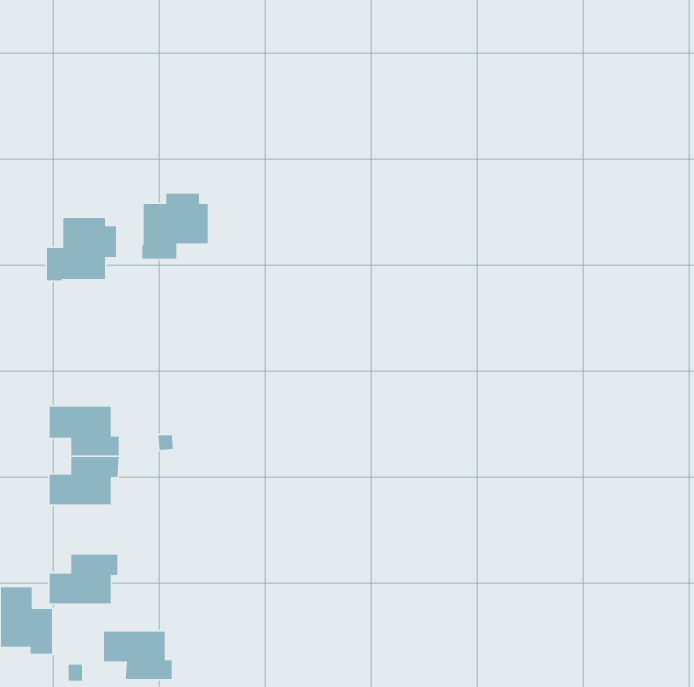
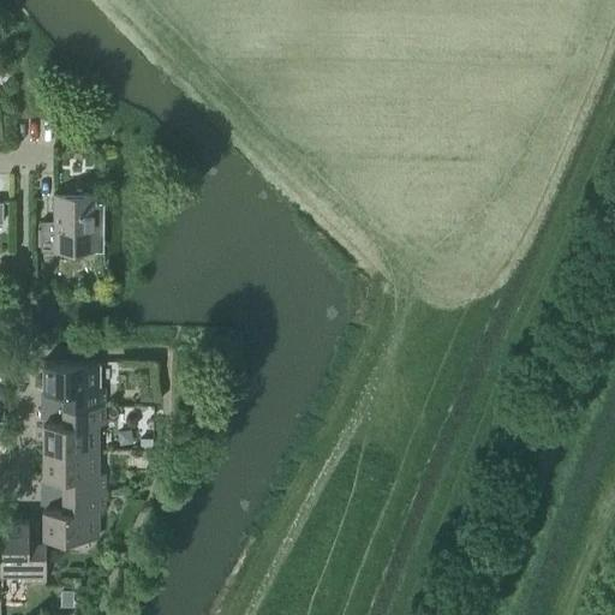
building: [141,193,208,260] -> none
building: [103,631,172,680] -> [43,453,105,496]

